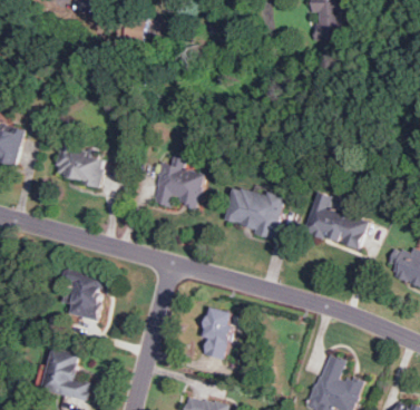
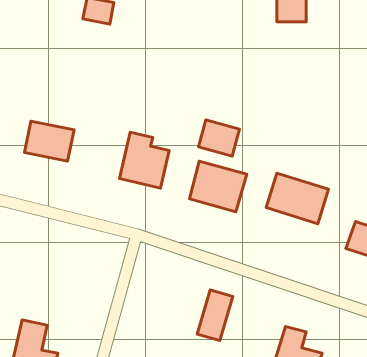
building: none -> [199,120,239,156]
building: [61,267,106,321] -> none
building: [198,306,235,359] -> [197,290,233,341]

